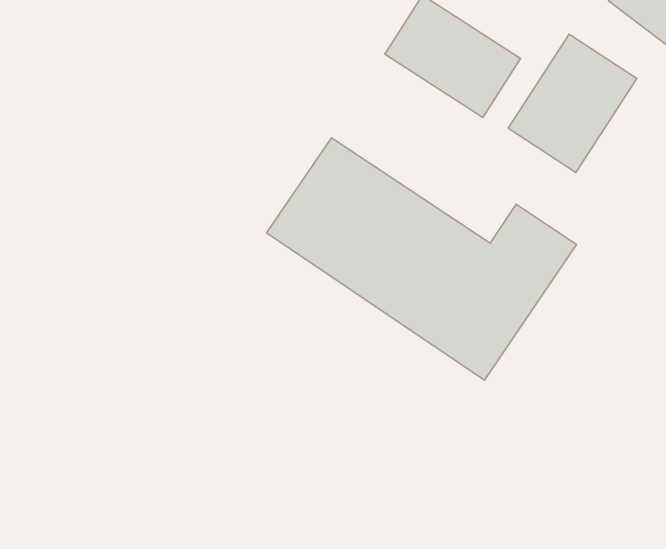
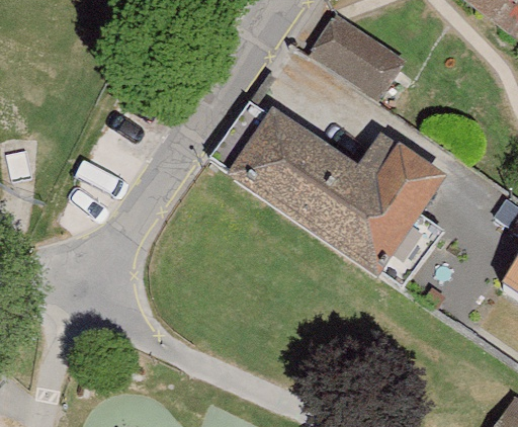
building: [508,34,637,173] -> none

